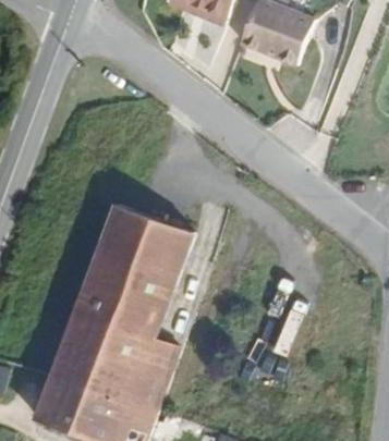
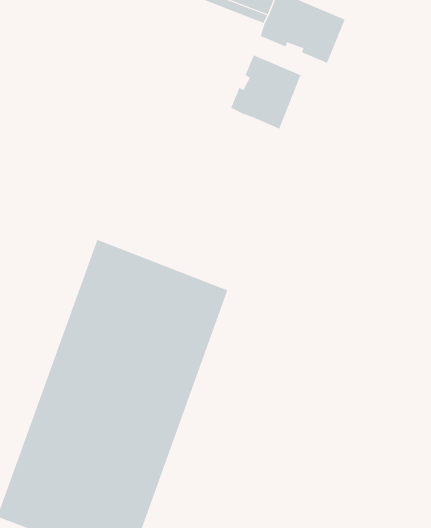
building: none -> [230,55,301,130]

